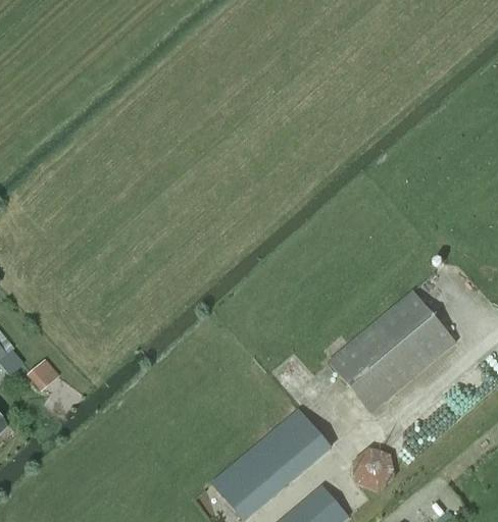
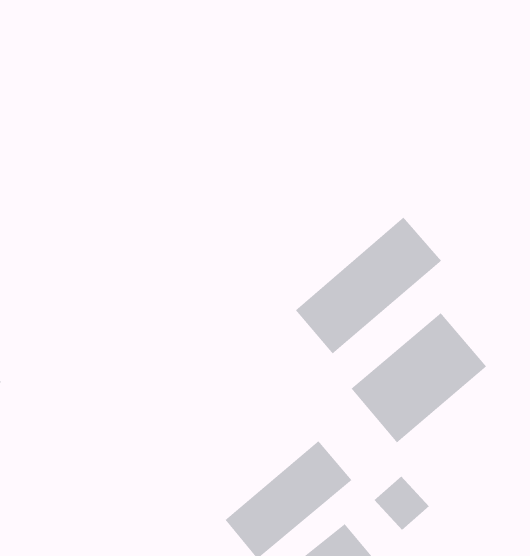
building: none -> [295,217,442,354]
building: [26,359,59,393] -> none

